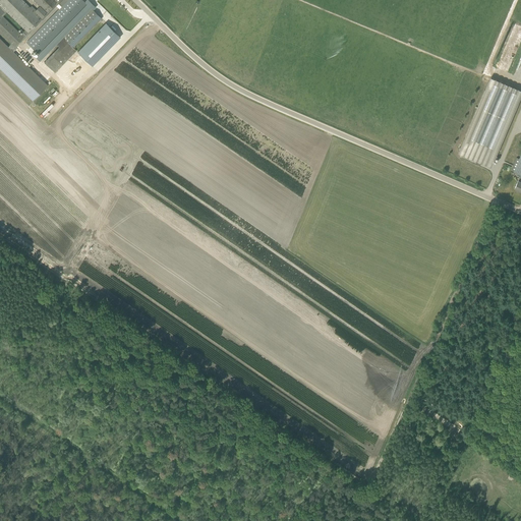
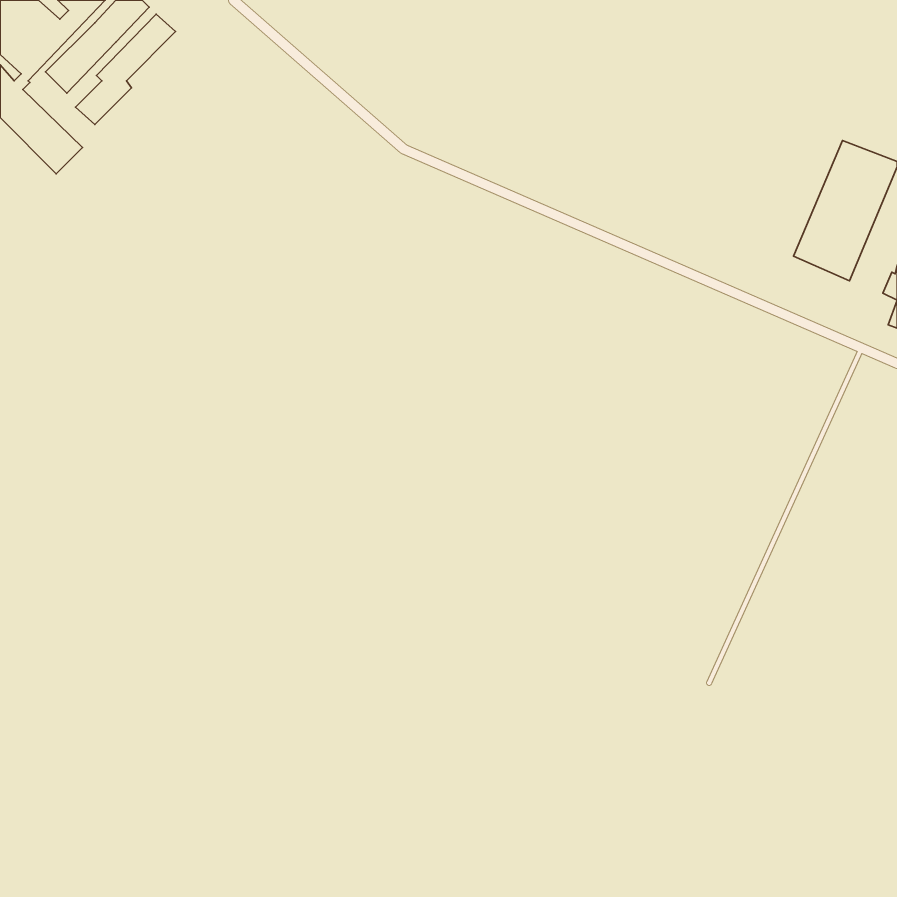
building: [77,22,120,65] -> none

